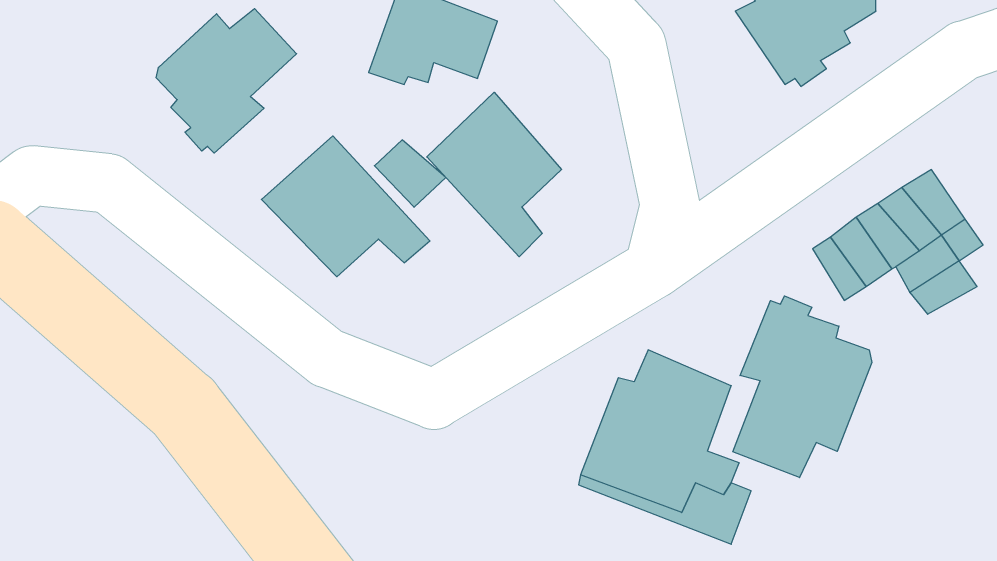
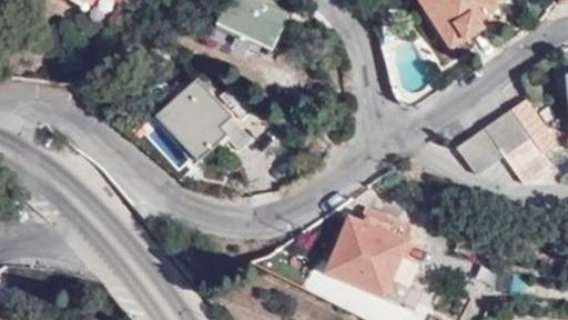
building: [156,9,297,153] -> none
building: [427,92,562,257] -> none
building: [733,296,872,478] -> none

